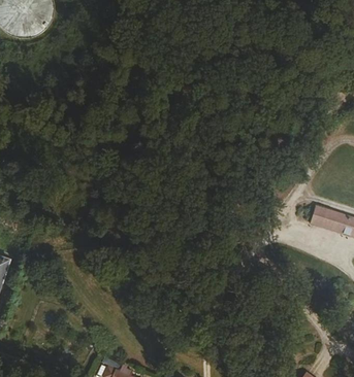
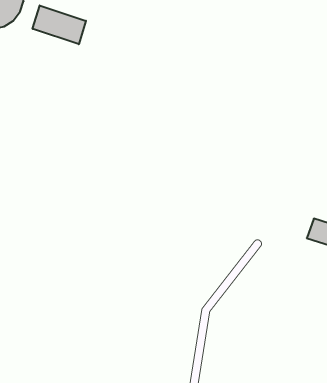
building: none -> [33,5,86,44]

